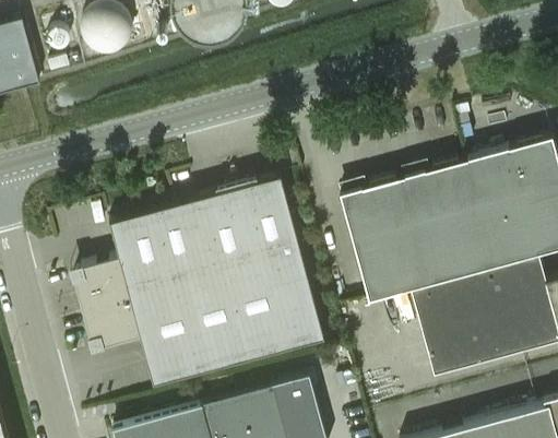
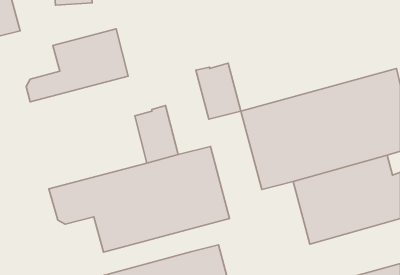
building: [237,177,298,253] -> [196,63,241,119]
building: [73,201,212,300] -> [26,29,128,102]

